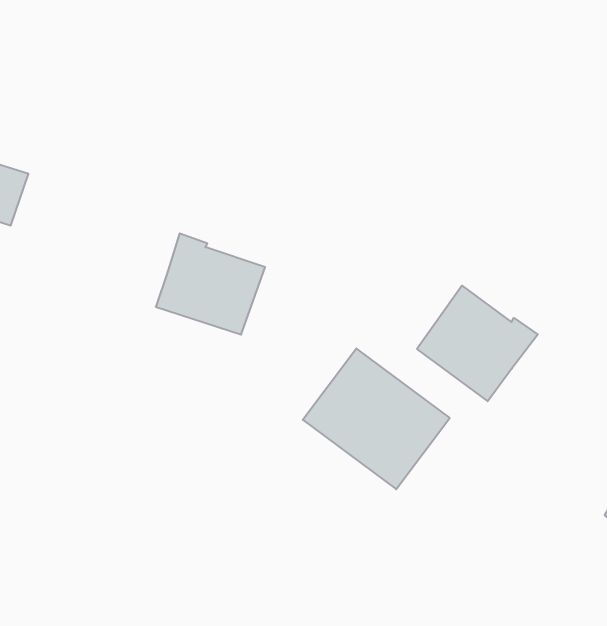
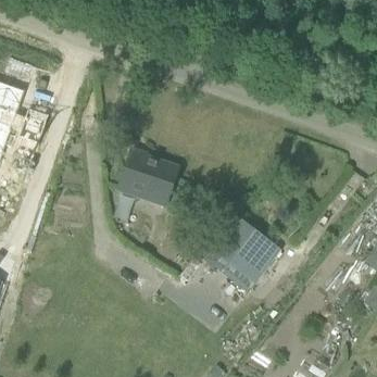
building: [417,286,538,401] -> none

